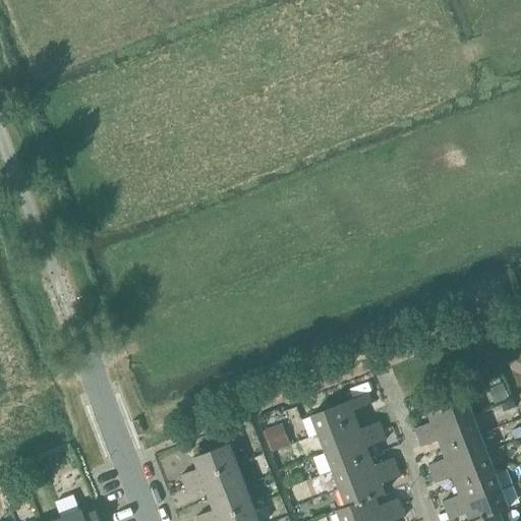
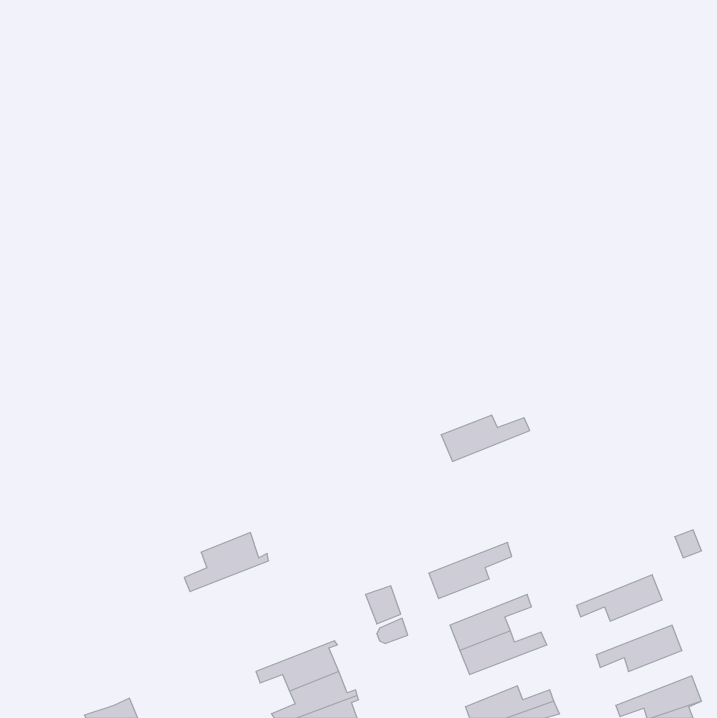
building: [413,398,472,439] -> none
building: [317,419,382,453] -> [441,415,530,461]
building: [427,435,486,474] -> none
building: [181,444,242,486] -> [184,533,269,592]
building: [340,467,399,508] -> none
building: [442,471,501,511] -> none

